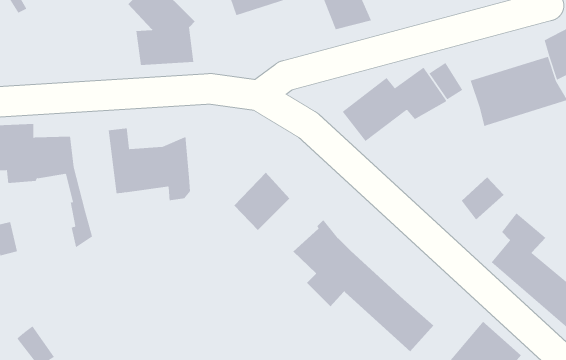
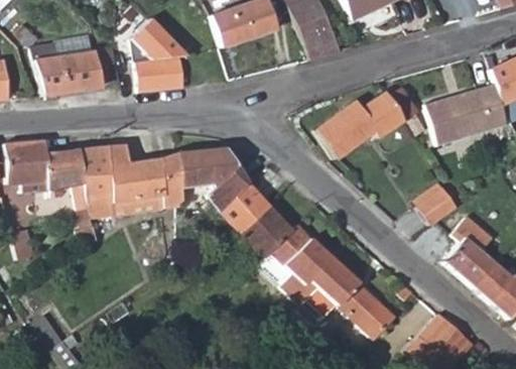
building: none -> [32,40,118,94]
building: none -> [79,146,128,217]
building: none -> [179,148,249,212]
building: none -> [242,206,294,258]

